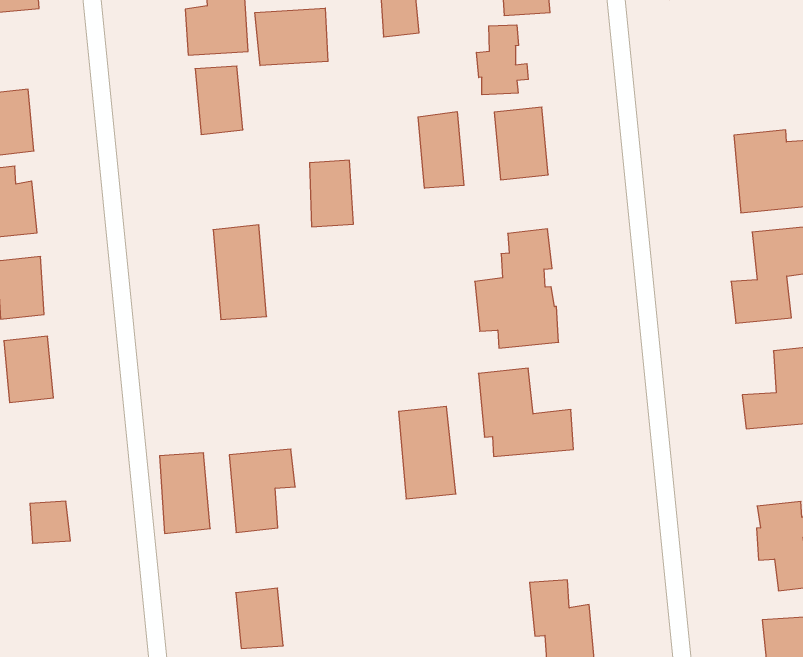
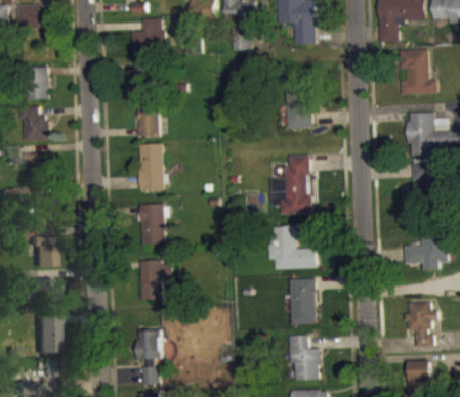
building: [255,8,328,66] -> none
building: none -> [400,49,436,94]
building: [476,25,528,95] -> none
building: [418,112,464,188] -> none
building: [310,160,353,227] -> [136,103,158,136]
building: [399,406,456,499] -> [289,278,316,324]
building: none -> [30,236,52,266]
building: [160,453,210,533] -> [140,204,164,244]
building: none -> [35,314,56,352]

